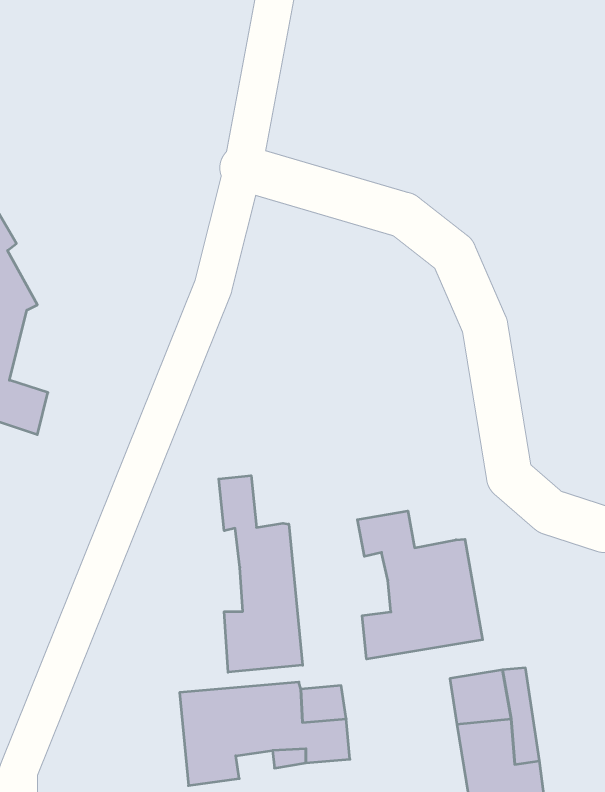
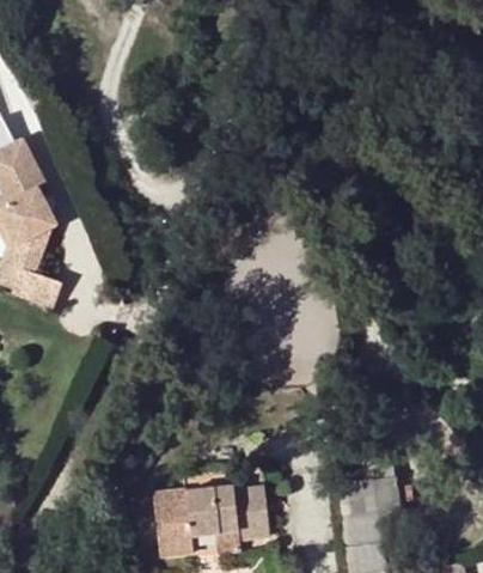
building: [219,476,303,672] -> none
building: [357,511,483,659] -> none

